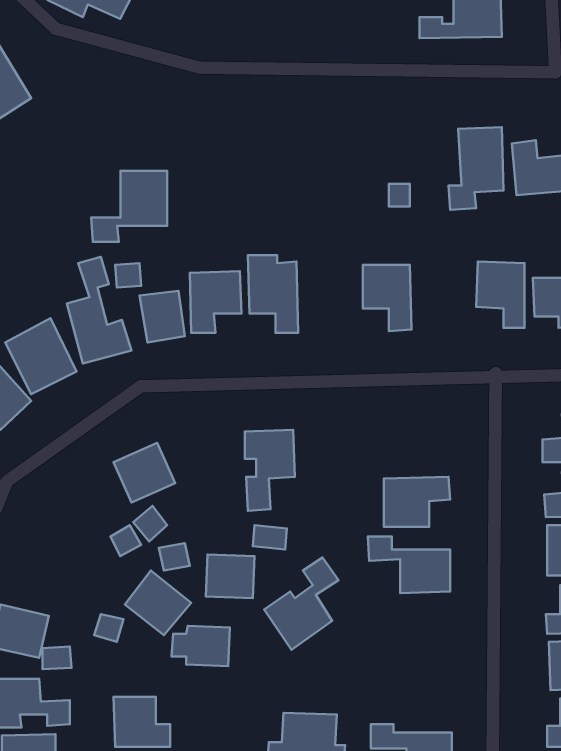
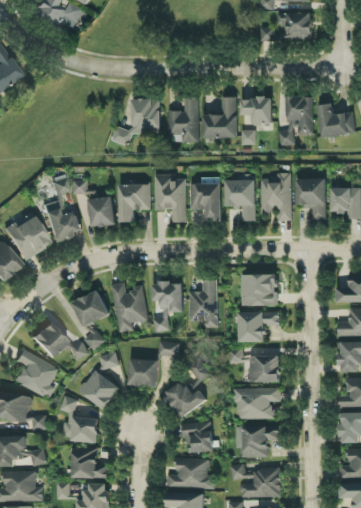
building: none -> [168,97,198,142]
building: none -> [203,97,236,138]
building: none -> [240,97,271,124]
building: [91,171,167,242] -> [113,99,160,143]
building: none -> [259,173,290,221]
building: none -> [189,183,221,221]
building: none -> [241,274,277,306]
building: none -> [188,279,218,327]
building: none -> [111,283,147,332]
building: none -> [30,321,67,358]
building: none -> [13,350,57,399]
building: none -> [235,387,280,419]
building: [172,626,230,666] -> [62,417,98,442]
building: none -> [182,422,212,452]
building: none -> [236,425,279,457]

